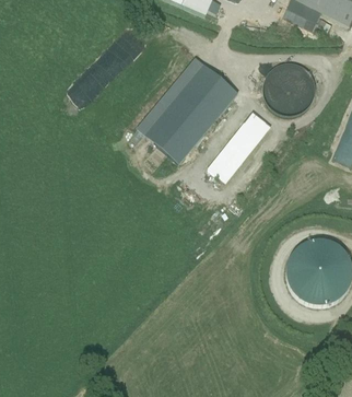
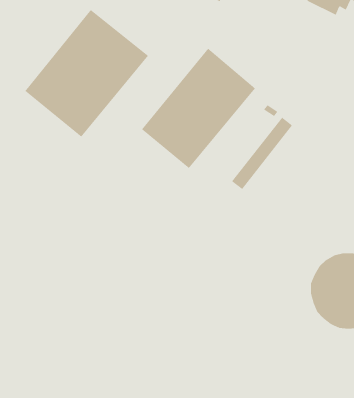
building: none -> [25,9,149,138]
building: [261,59,315,116] -> none

